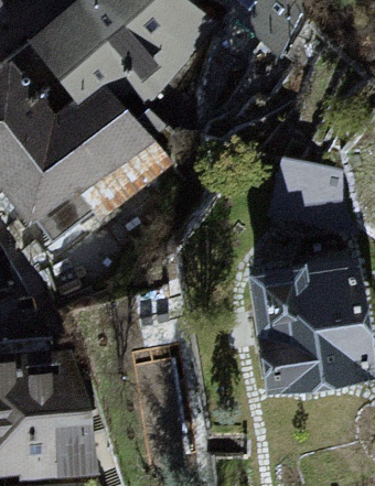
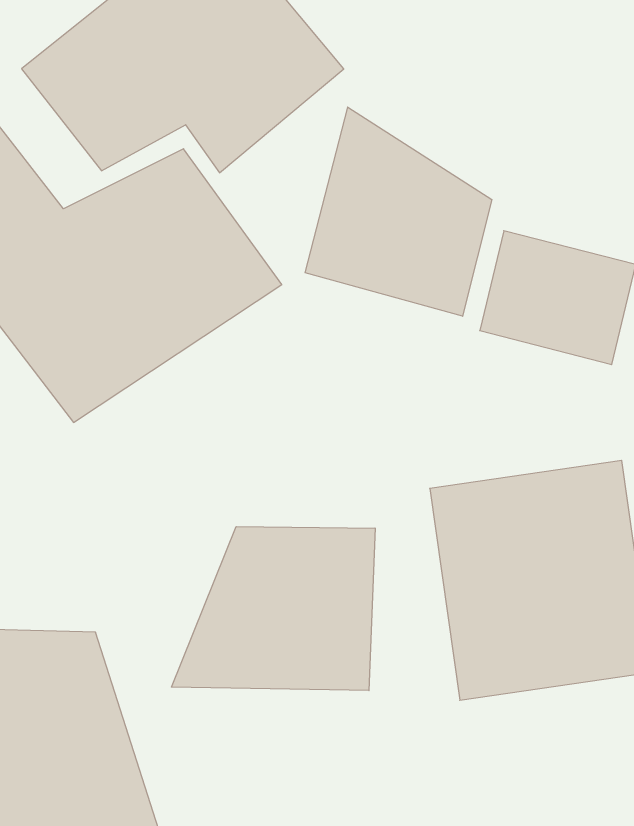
building: none -> [305,107,492,316]
building: none -> [171,527,375,691]

